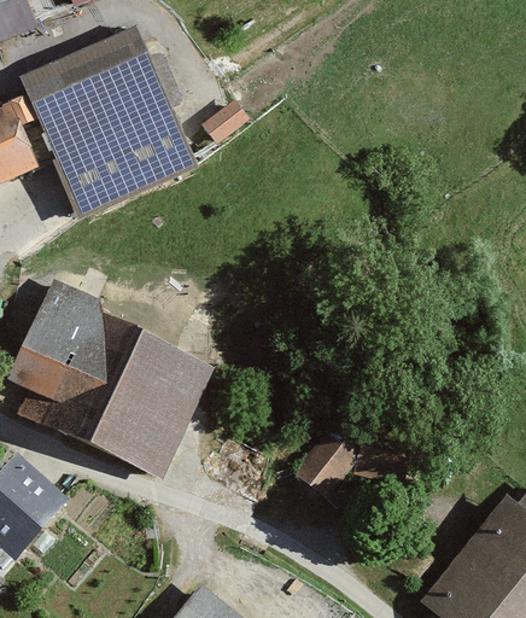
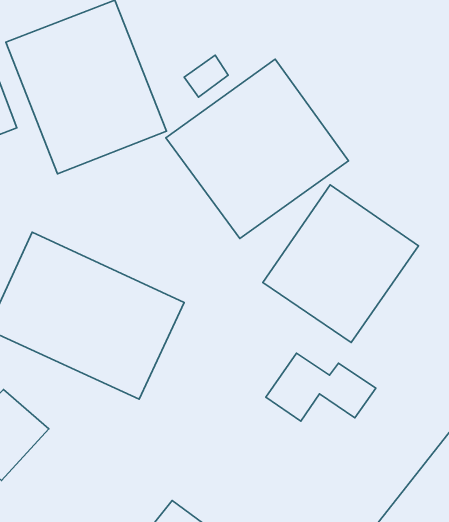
building: none -> [166,59,348,239]
building: none -> [263,185,418,342]

